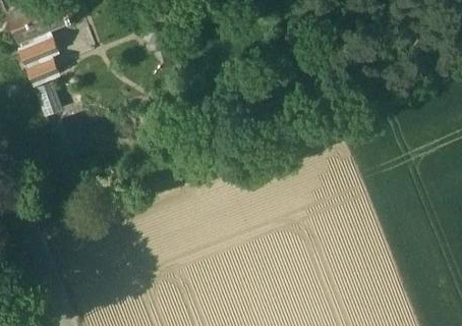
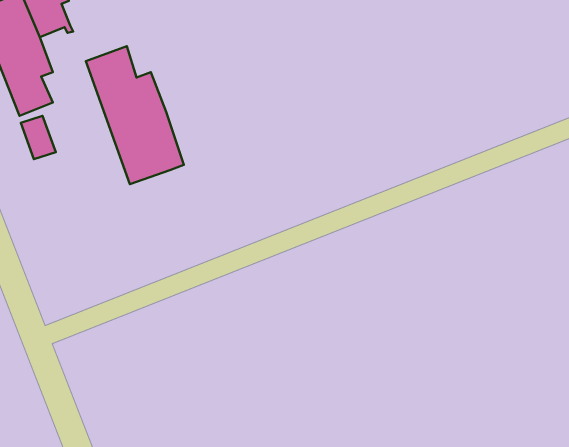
building: none -> [86,46,184,184]

